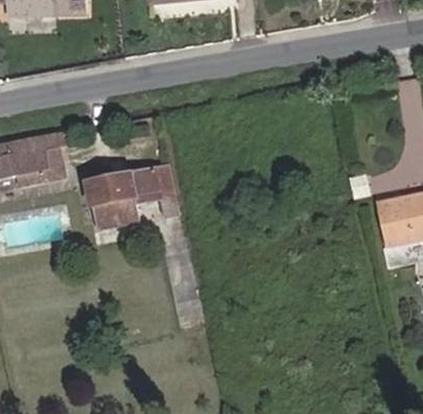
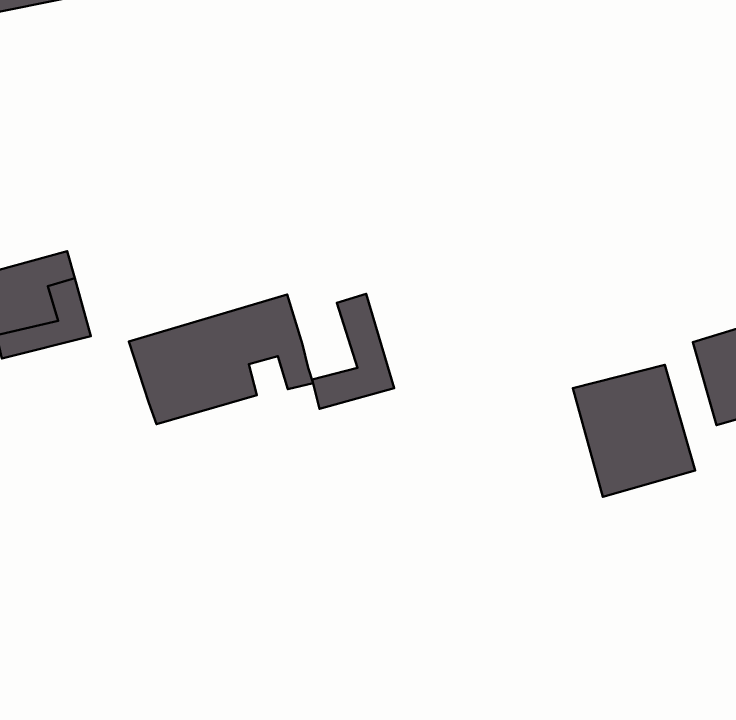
building: none -> [312,294,394,409]
building: none -> [573,365,695,497]

